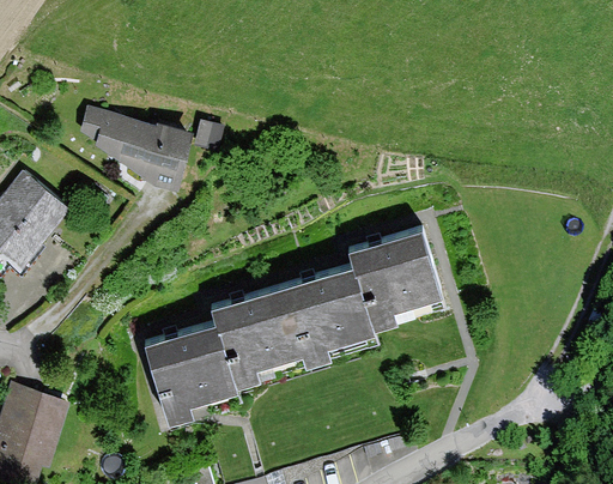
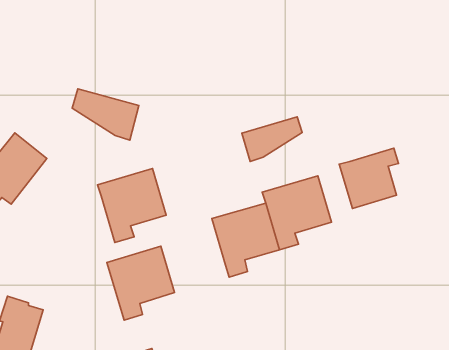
building: none -> [242,117,302,162]
building: none -> [339,148,399,208]
building: [212,289,302,386] -> [98,168,166,242]

